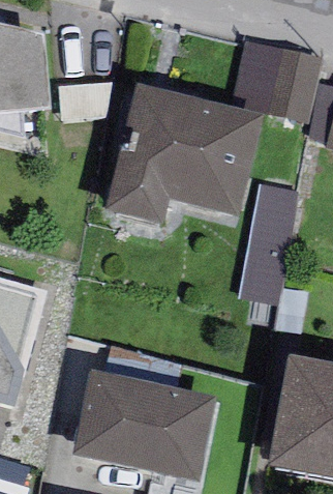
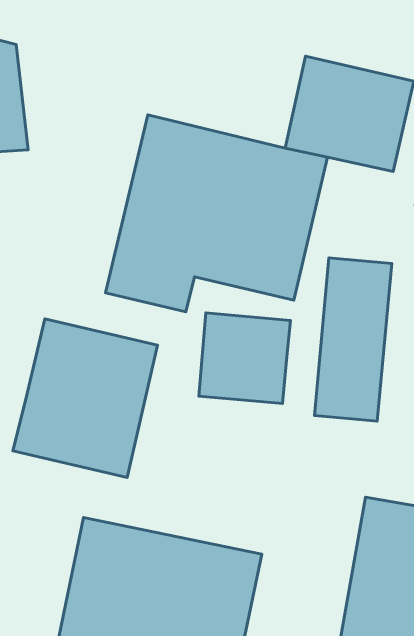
building: none -> [199,313,291,404]
building: none -> [13,319,157,478]

